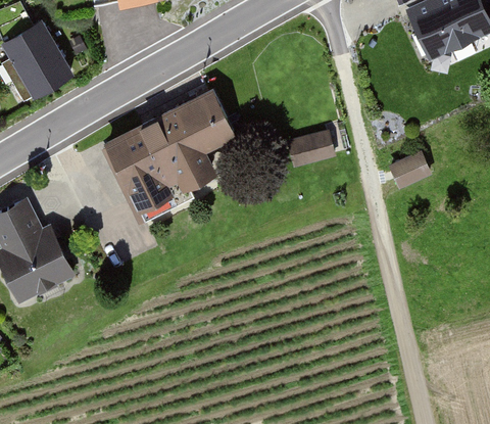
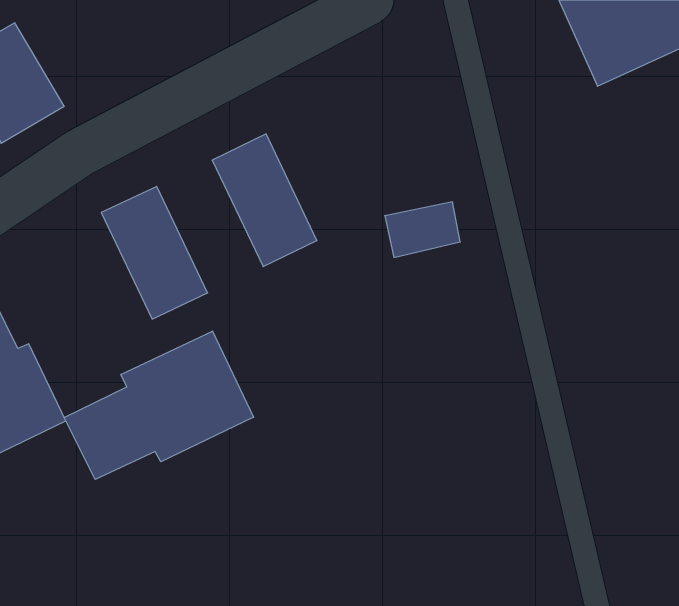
building: [137,107,207,195] -> none
building: [391,156,433,194] -> none
building: none -> [64,331,254,479]

